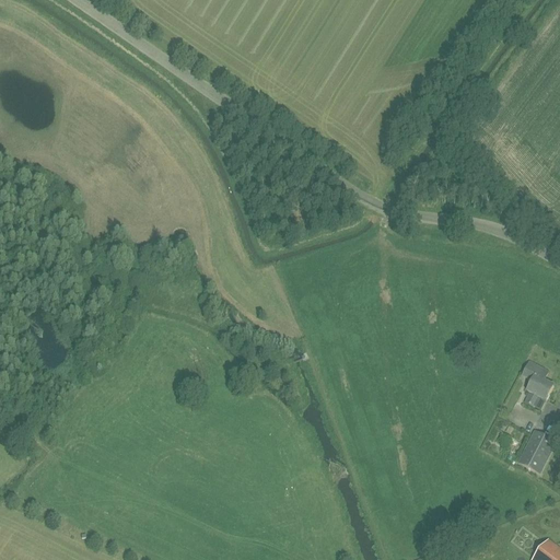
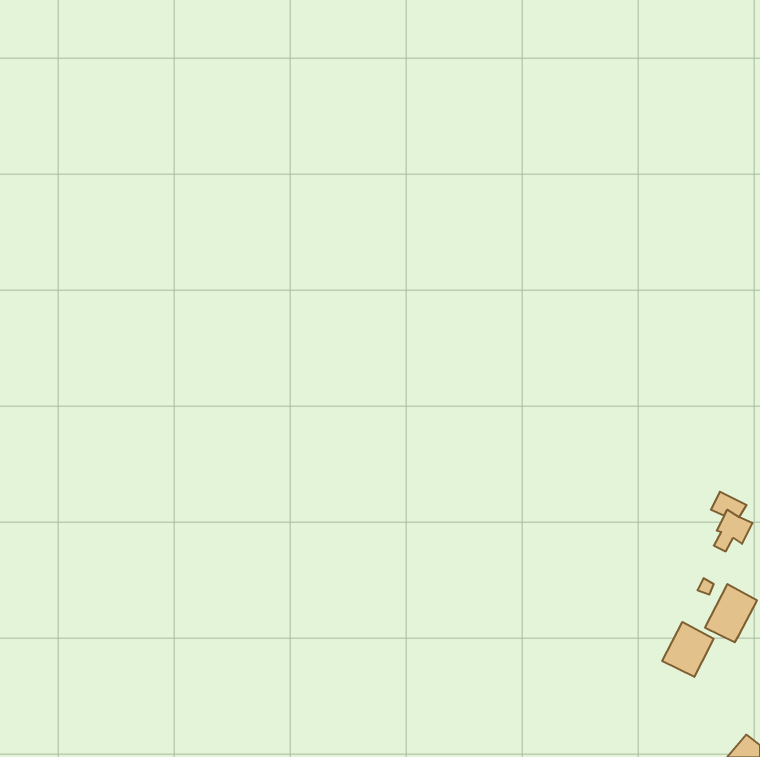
building: none -> [662,622,713,677]

